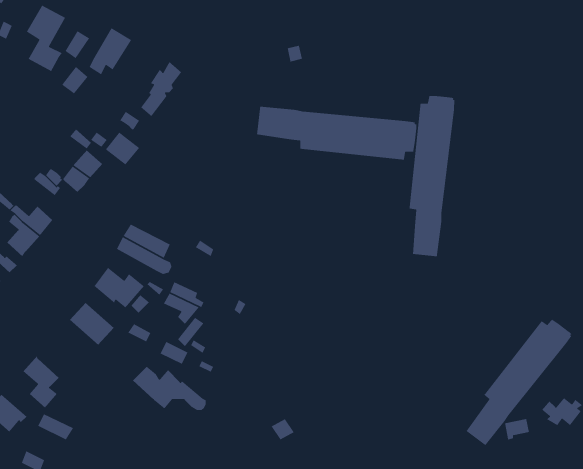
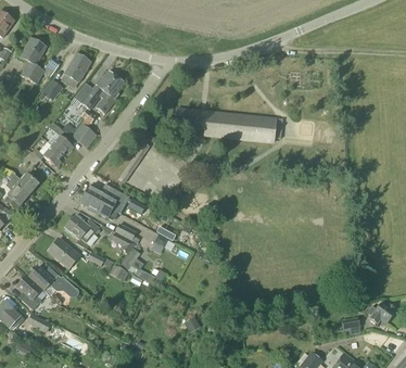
building: none -> [71,72,115,110]
building: [409,95,455,257] -> none
building: [466,319,572,446] -> none
building: [132,366,206,411] -> [27,267,77,297]

